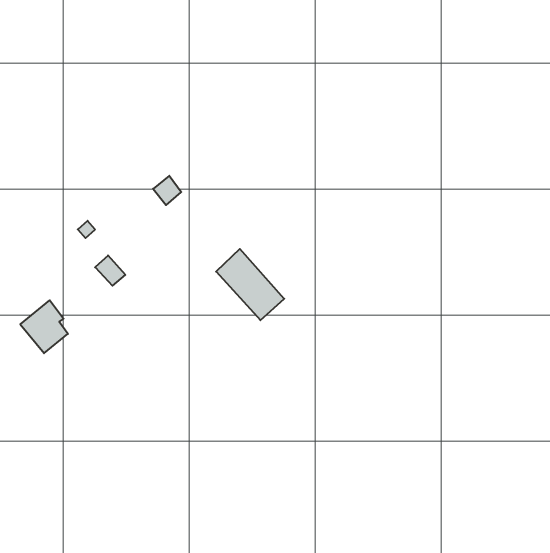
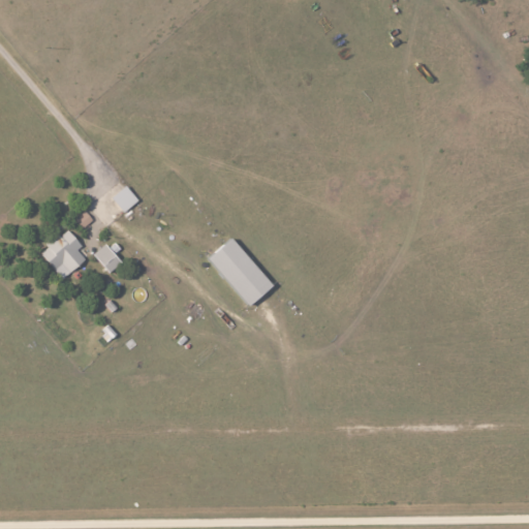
building: [153,176,181,205] -> [112,185,138,213]
building: [20,300,68,353] -> [40,228,86,279]

